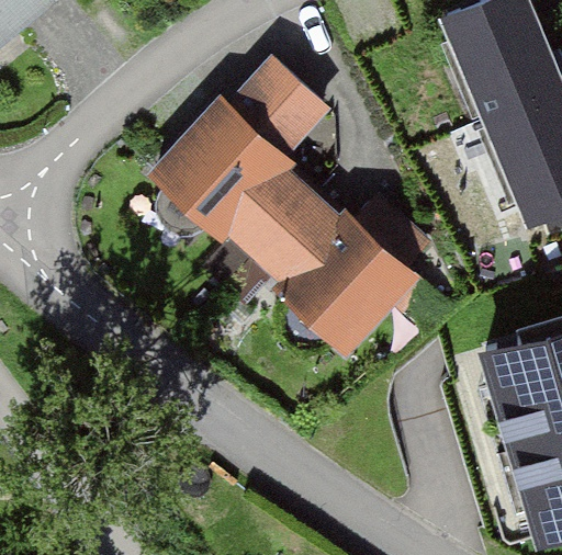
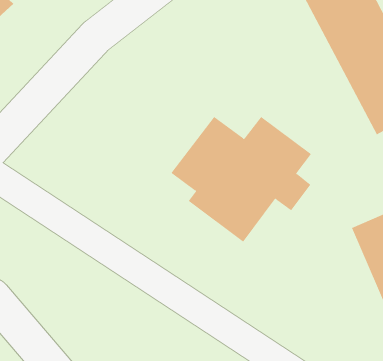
building: [144,58,328,257] -> none

